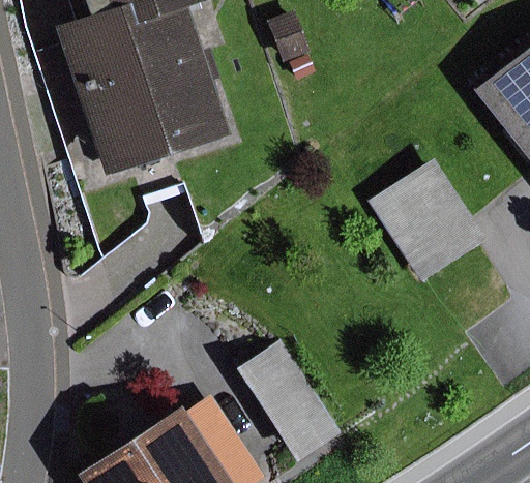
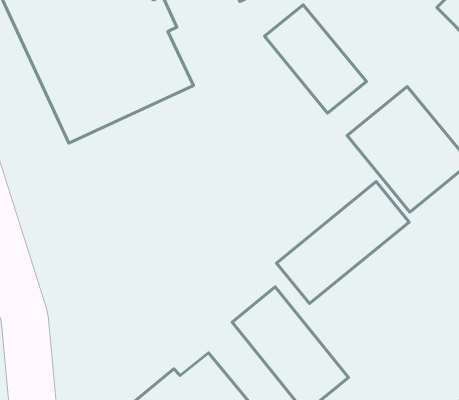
building: none -> [264,5,366,113]
building: none -> [277,182,409,304]

